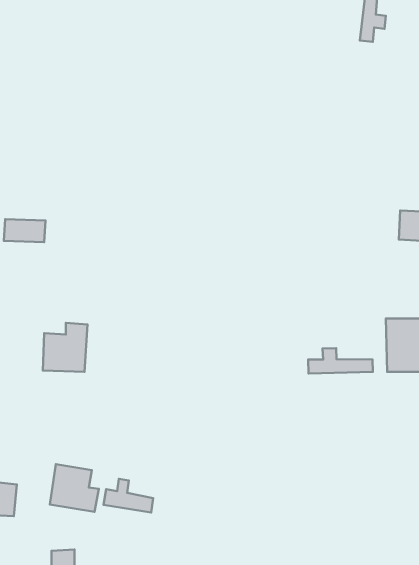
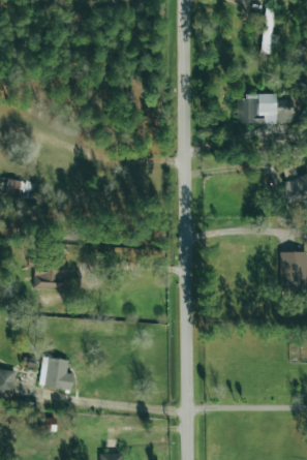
building: none -> [238,95,295,124]
building: [308,348,373,374] -> none
building: [104,479,153,512] -> none

